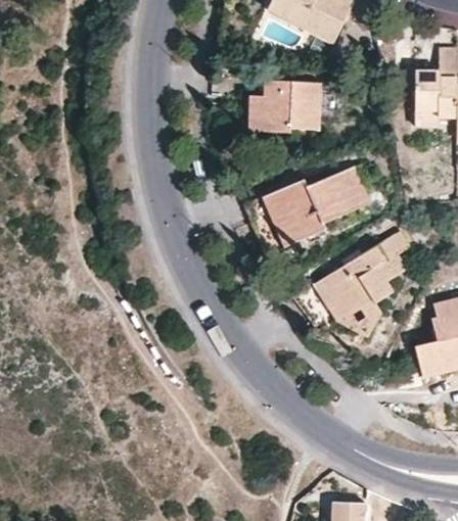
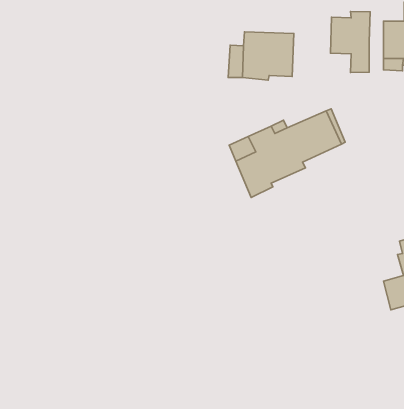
building: none -> [330,11,370,72]
building: [294,232,411,337] -> none

